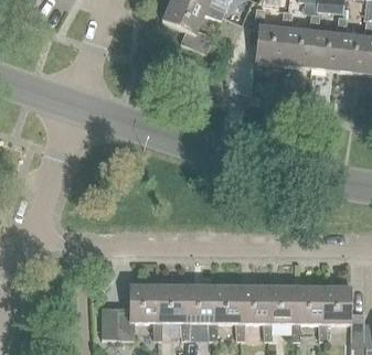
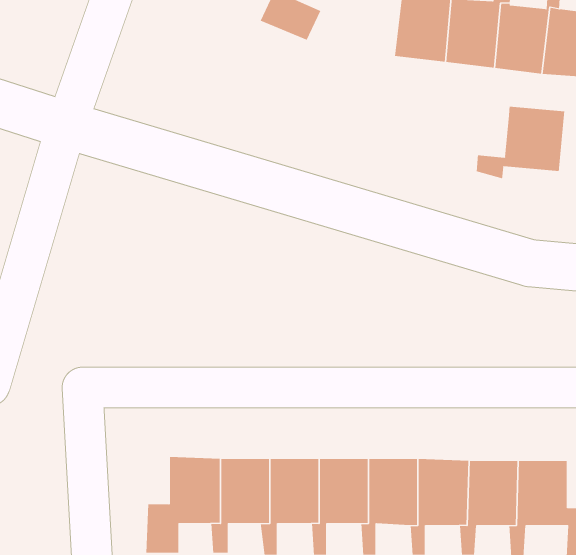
building: none -> [476,106,565,179]

